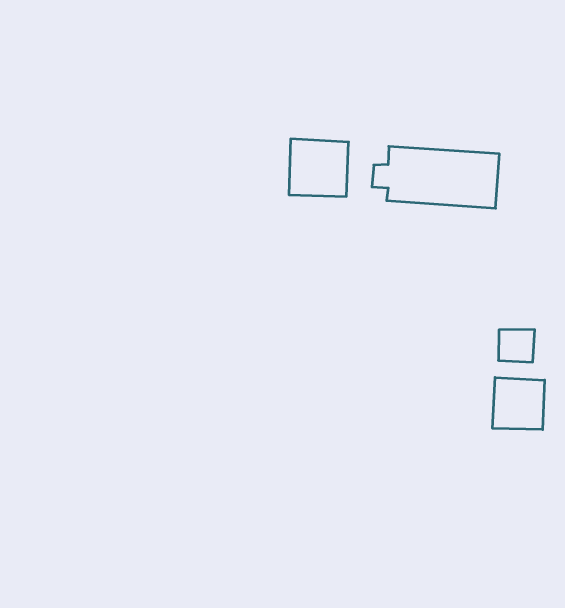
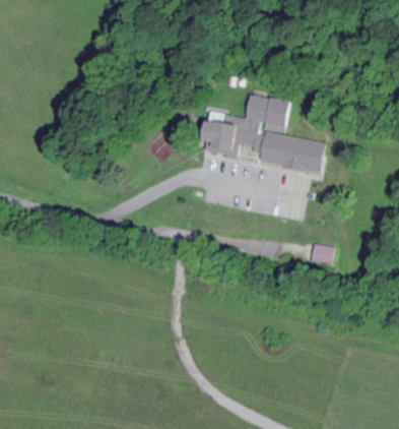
building: none -> [245,95,288,126]
building: [493,377,545,430] -> none

